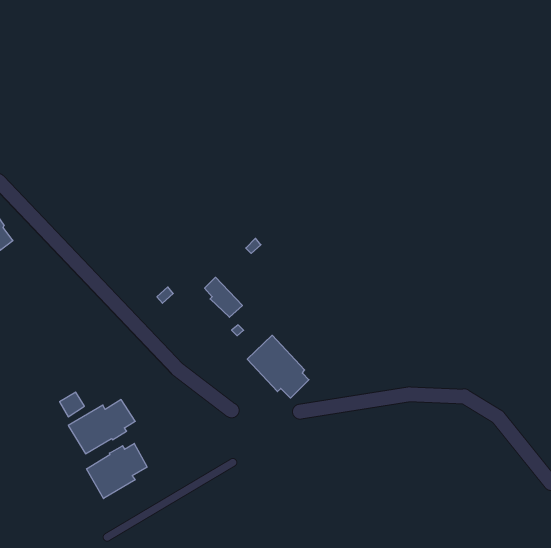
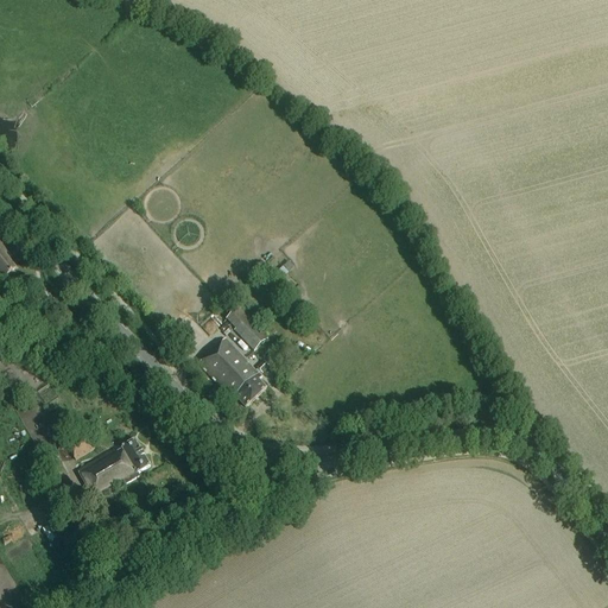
building: [247,335,309,398] -> [196,335,264,404]
building: [87,443,147,499] -> none

